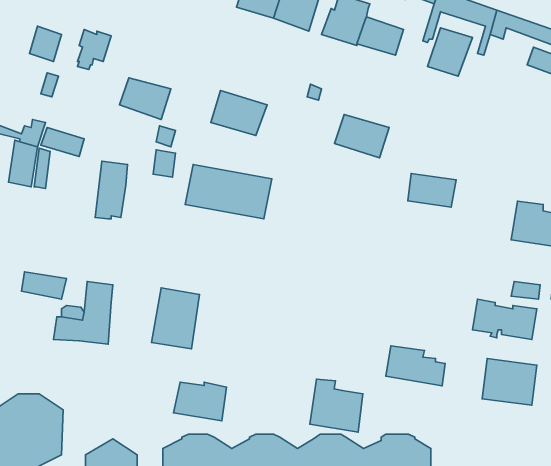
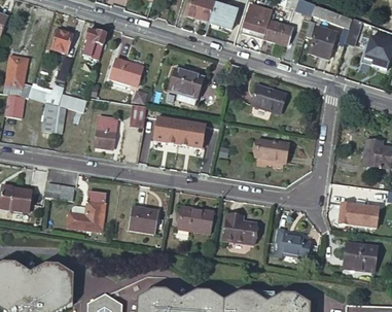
building: [408,174,456,207] -> [257,140,288,162]
building: [310,379,363,432] -> [223,213,257,247]
building: [174,382,227,421] -> [180,209,214,234]

